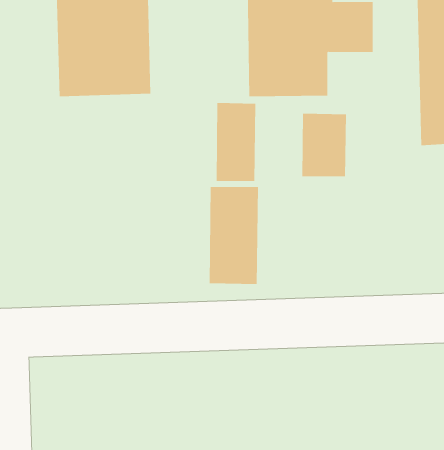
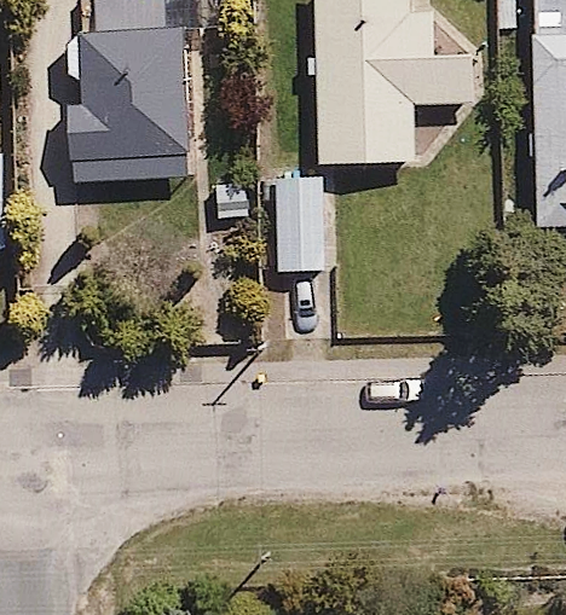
building: [302,113,346,177] -> none
building: [209,186,258,285] -> none

